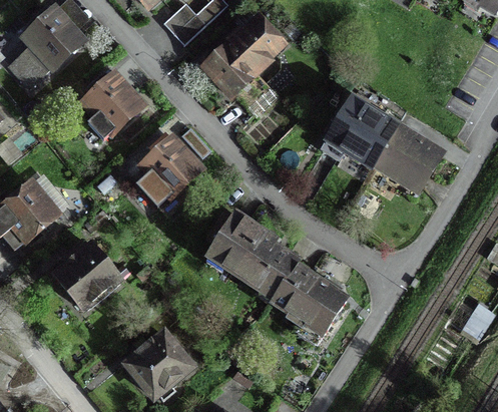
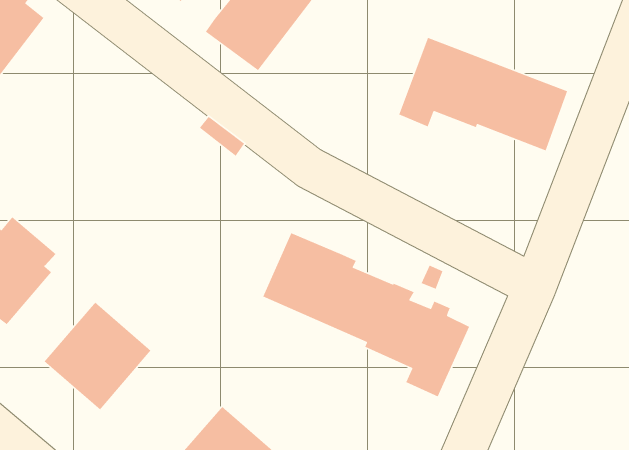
building: [76,67,148,139] -> none
building: [134,130,206,208] -> none

